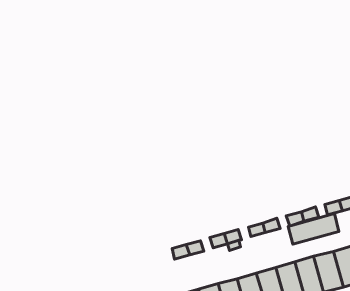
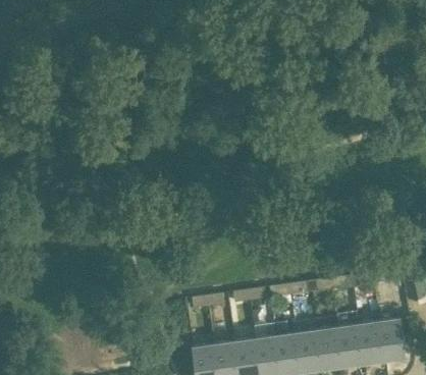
building: [288,214,339,244] -> none

